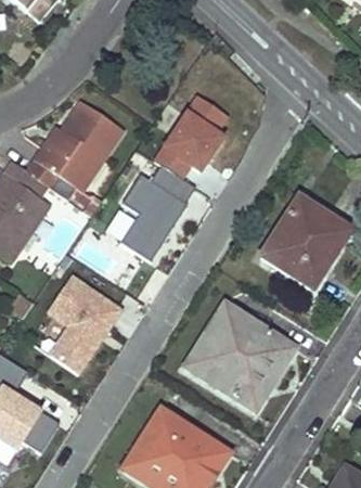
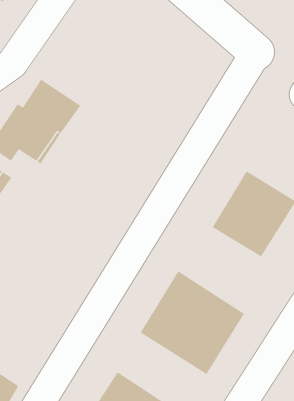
building: [163,95,224,170] -> none
building: [121,165,194,259] -> none
building: [48,278,120,373] -> none

